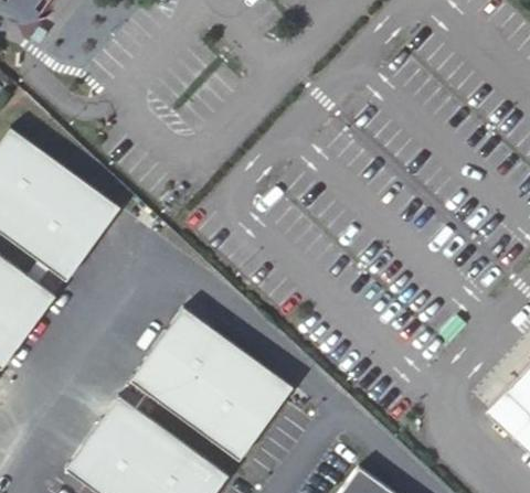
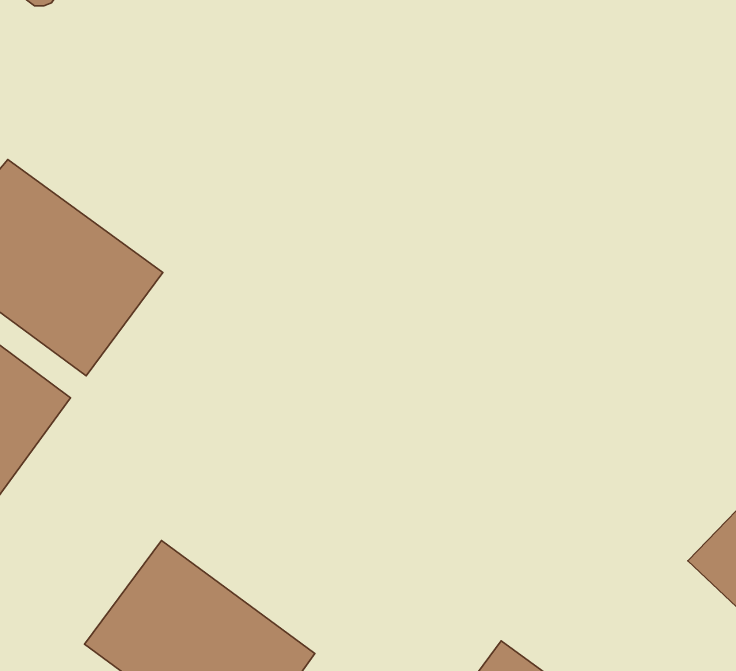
building: [129,309,292,461] -> none

